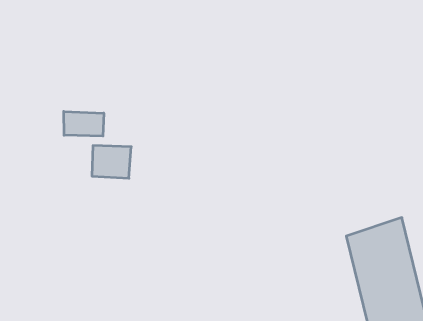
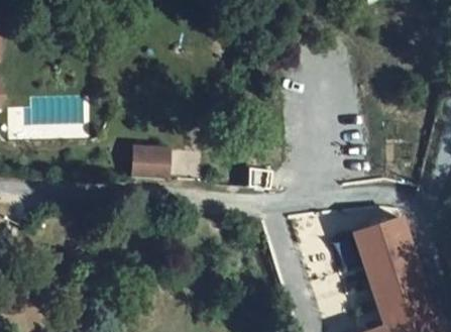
building: [64,111,104,136] -> none

